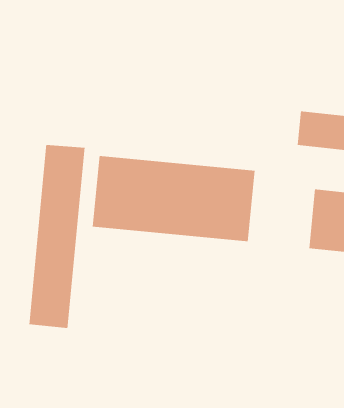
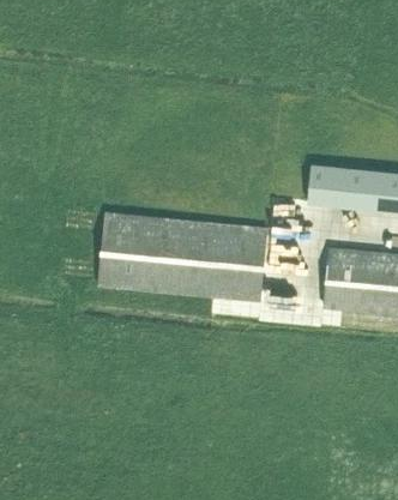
building: [29,144,85,329] -> none

